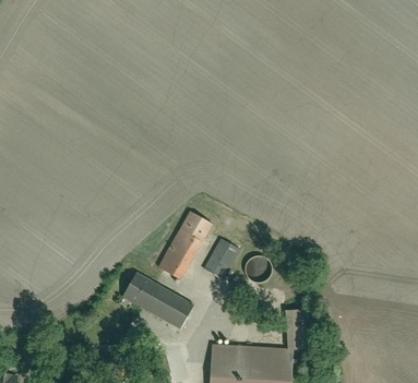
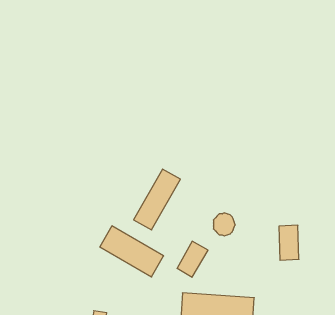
building: [205,240,239,279] -> [177,241,208,277]
building: [286,313,308,351] -> [279,225,299,260]

